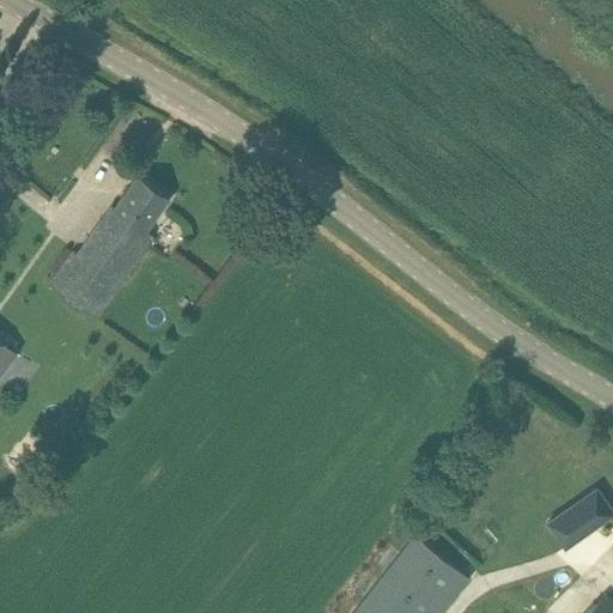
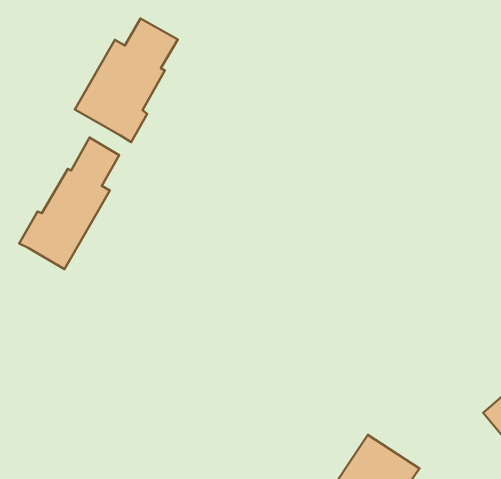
building: none -> [75,19,178,142]

